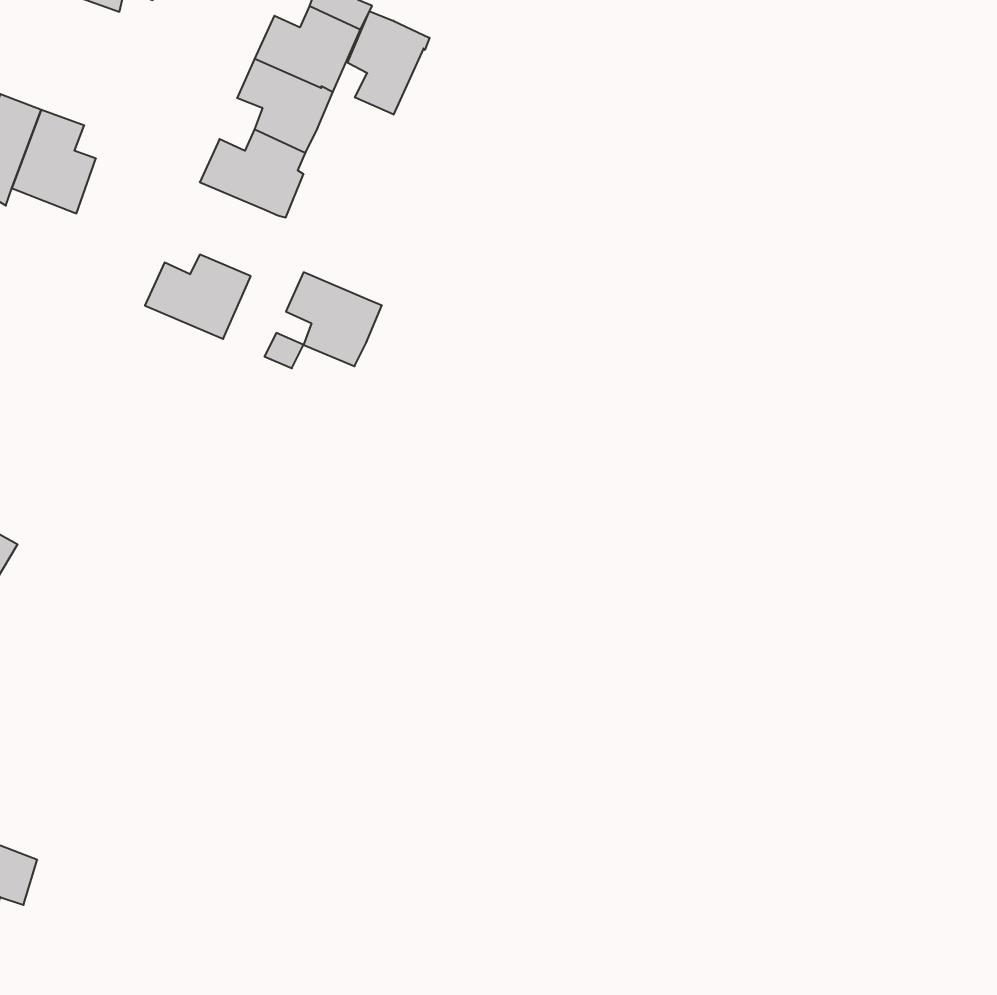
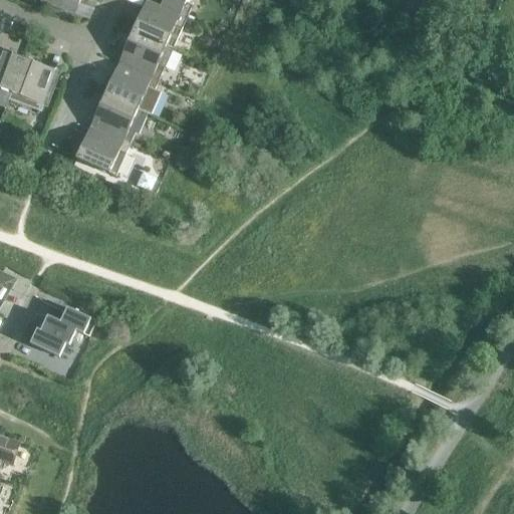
building: [347,11,430,115] -> none
building: [286,272,382,366] -> [93,93,143,142]
building: none -> [28,305,95,355]

